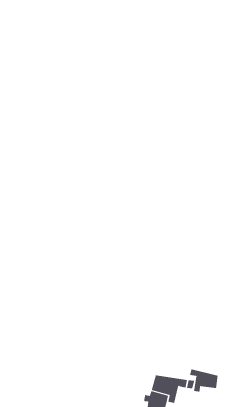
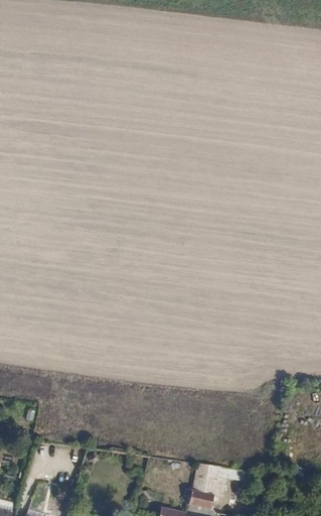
building: [190,368,218,392] -> none

